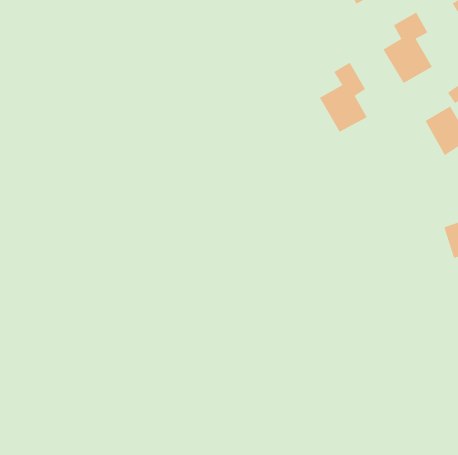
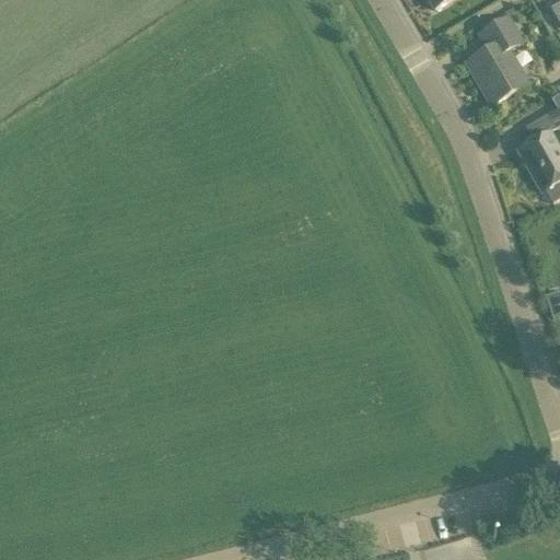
building: [319,62,368,133] -> none

